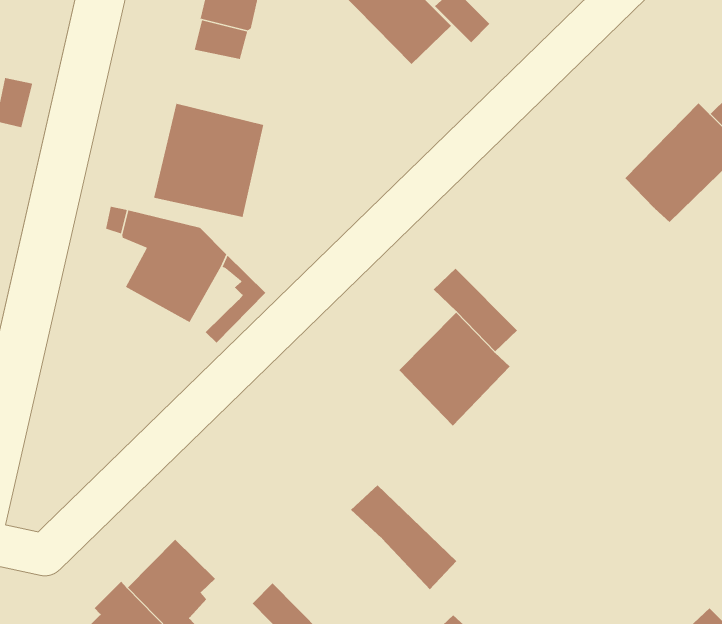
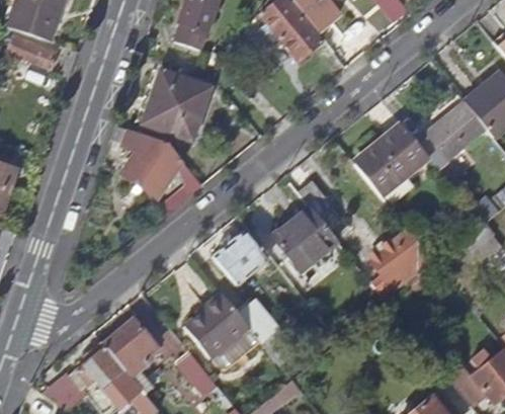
building: none -> [355,122,429,195]
building: none -> [371,231,436,302]
building: none -> [214,230,267,284]
building: none -> [184,289,254,354]

